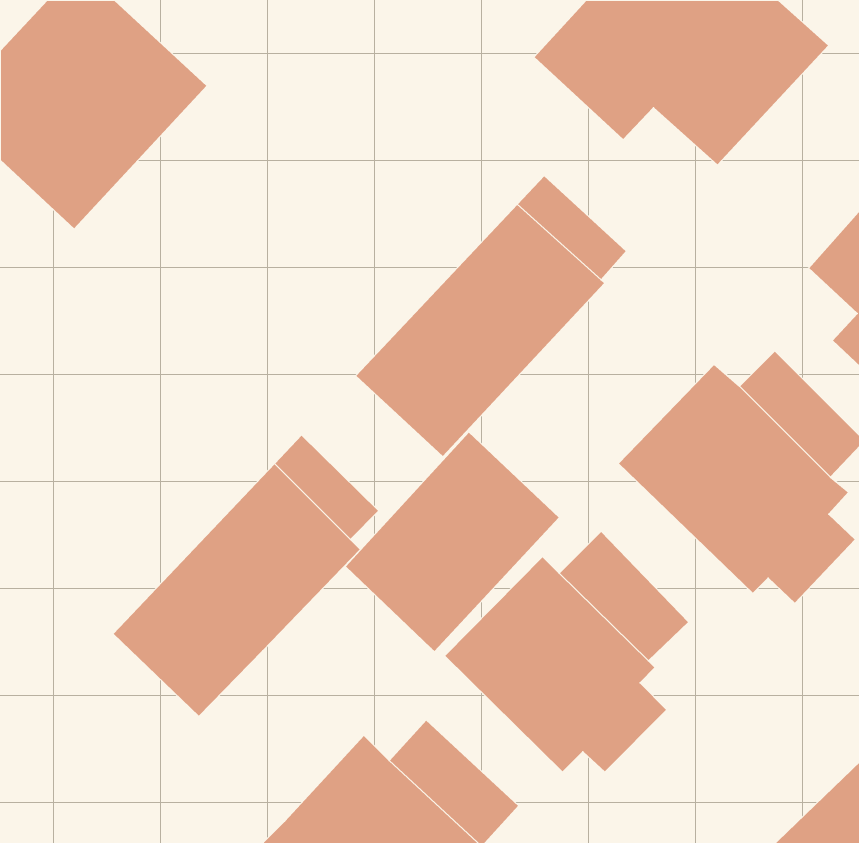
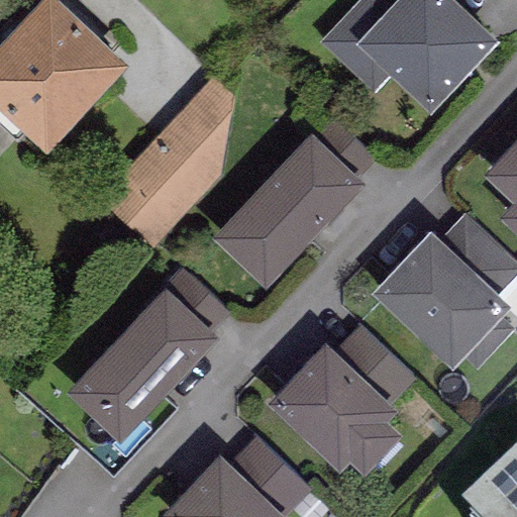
building: none -> [97,84,234,250]
building: [345,432,560,652] -> none

